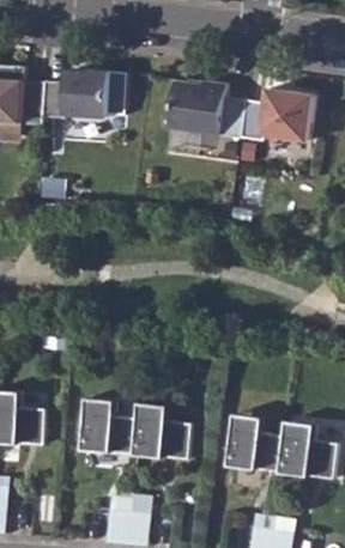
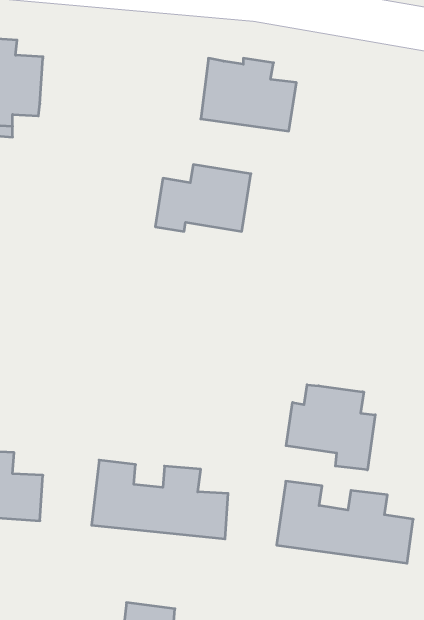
building: [41,69,109,118] -> none
building: [237,89,313,141] -> [155,165,251,231]
building: none -> [286,385,375,470]

